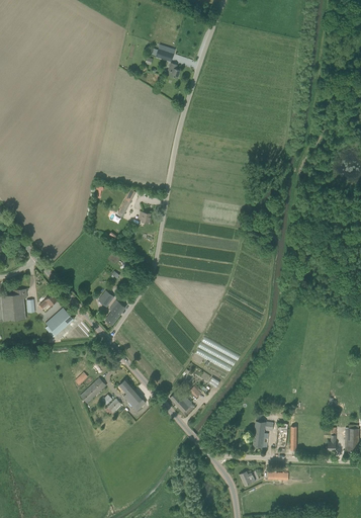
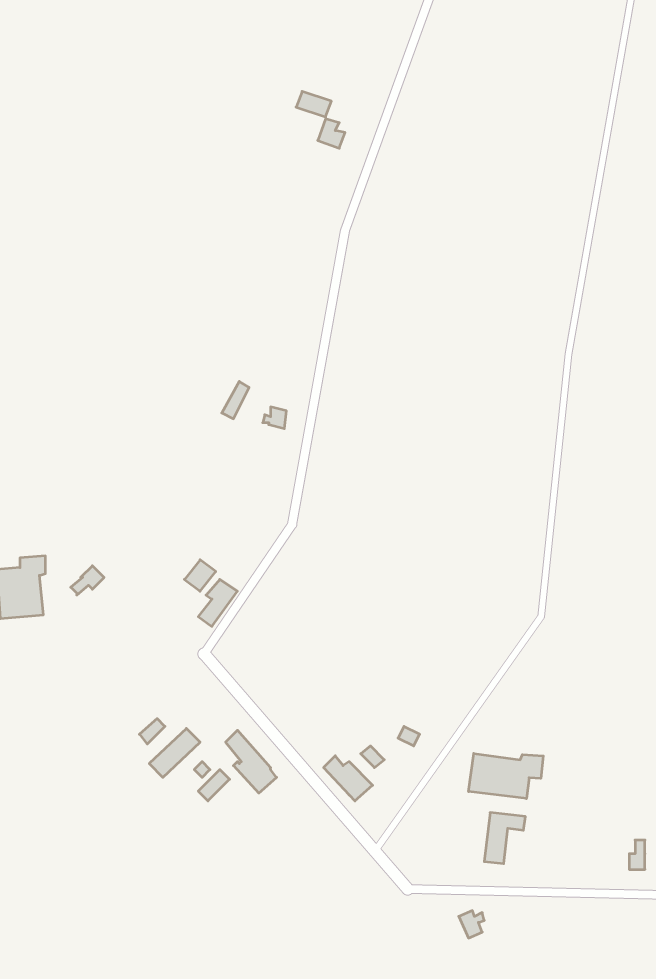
building: [44,308,73,337] -> none
building: none -> [469,753,543,799]

